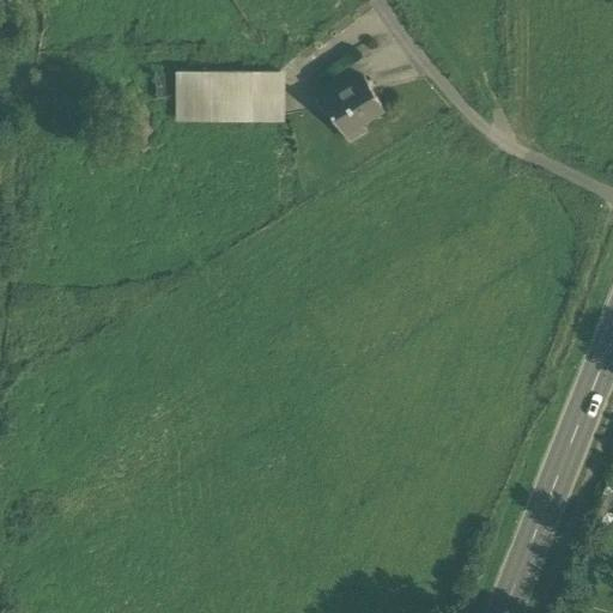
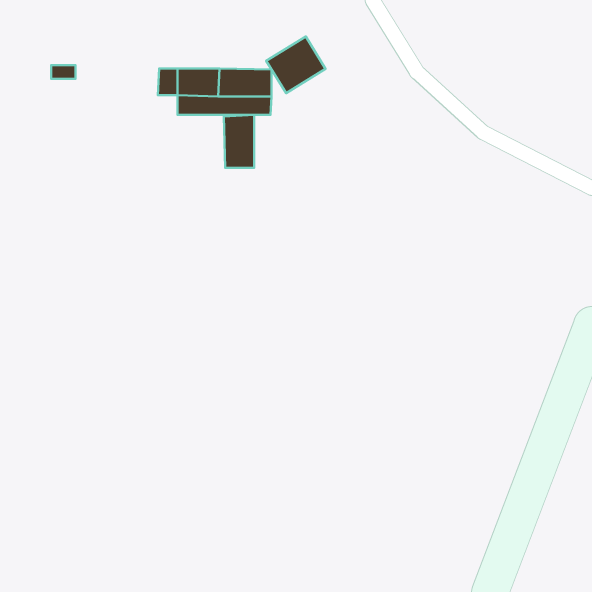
building: [322,77,383,135] -> [266,36,325,93]
building: none -> [224,115,254,168]

